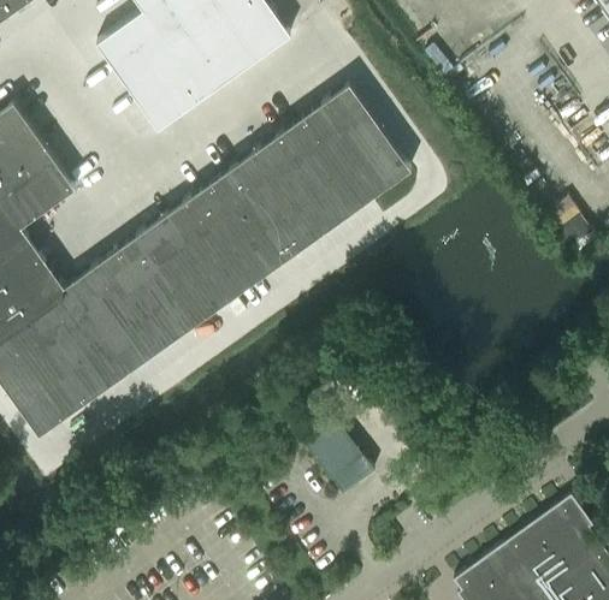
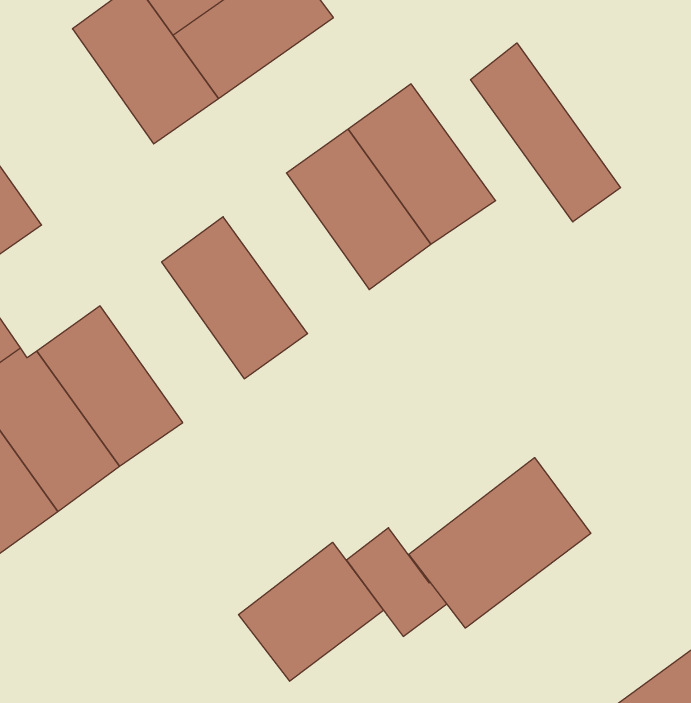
building: none -> [471,43,621,222]
building: [208,153,317,272] -> none
building: [117,219,224,338] -> none
building: none -> [409,458,591,628]
building: none -> [239,542,383,681]

